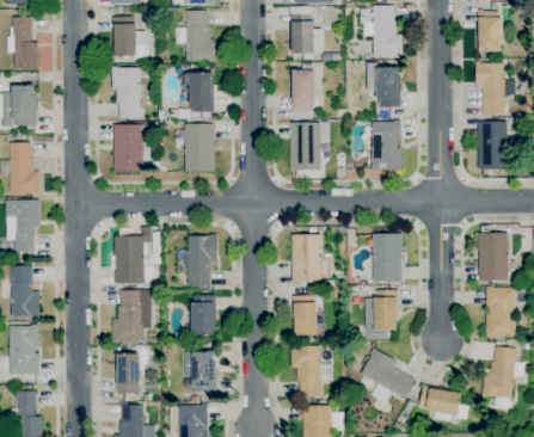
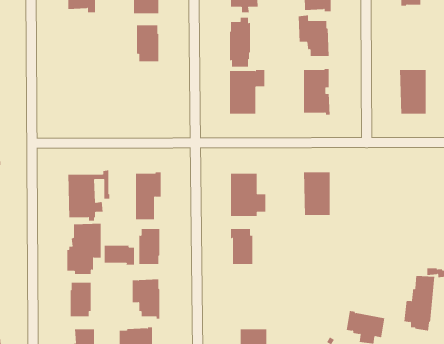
building: [475,63,517,115] -> none
building: [112,67,141,118] -> none
building: [115,124,152,173] -> none
building: [186,124,216,172] -> none
building: [479,226,509,281] -> none
building: [486,287,516,338] -> none
building: [366,290,399,340] -> none
building: none -> [104,245,135,265]
building: [290,345,333,396] -> none
building: [362,349,416,399] -> none

